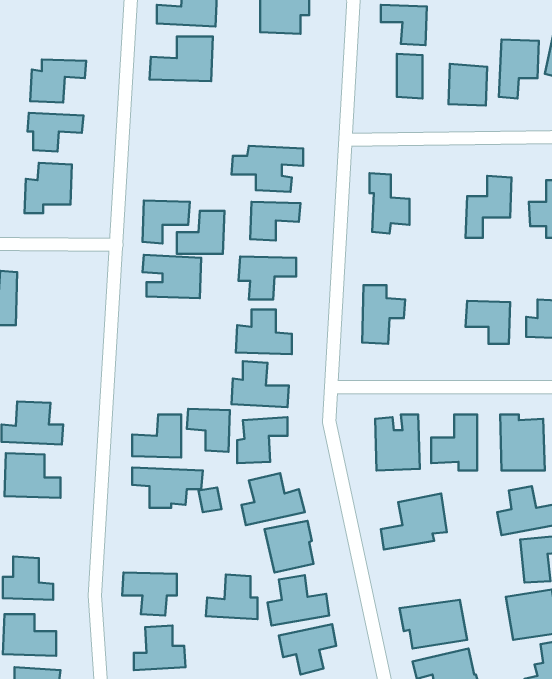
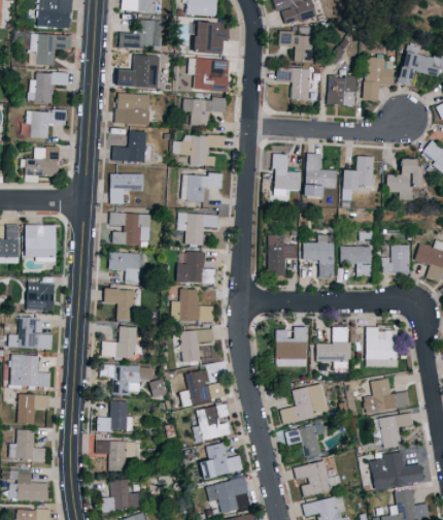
building: none -> [32,34,71,65]
building: none -> [190,59,230,91]
building: none -> [115,94,149,125]
building: none -> [182,98,227,126]
building: none -> [304,154,337,197]
building: [177,211,224,254] -> [112,131,146,162]
building: none -> [25,225,56,258]
building: none -> [303,235,335,278]
building: none -> [108,252,140,283]
building: none -> [27,283,54,311]
building: [187,409,230,452] -> [104,289,135,320]
building: none -> [18,394,49,424]
building: none -> [287,425,326,458]
building: [206,575,258,619] -> [97,400,134,432]

